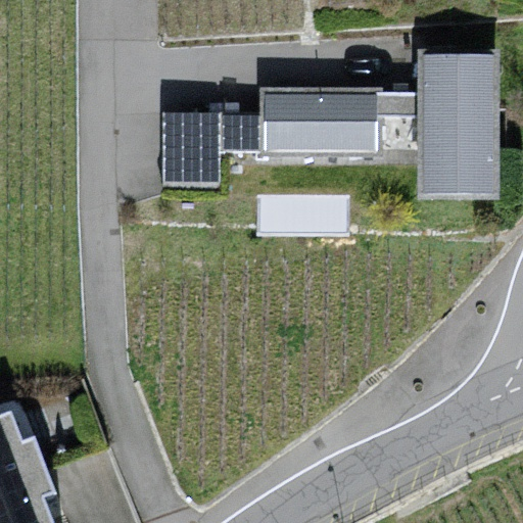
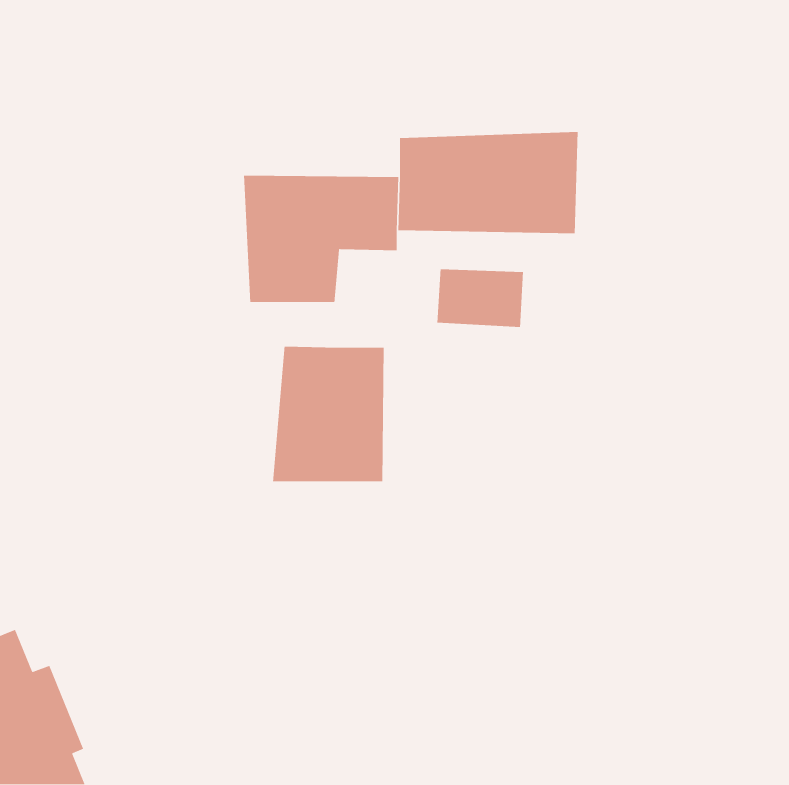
building: [418,48,500,199] -> none
building: none -> [272,346,384,482]

